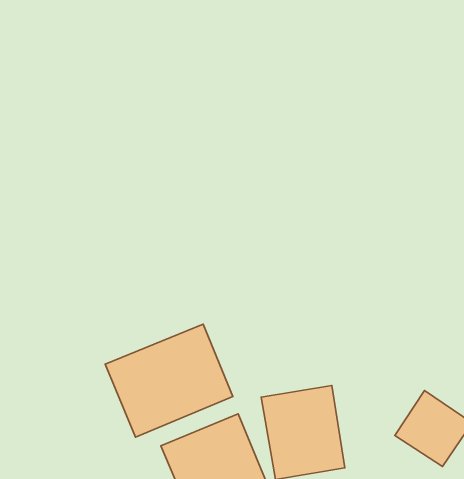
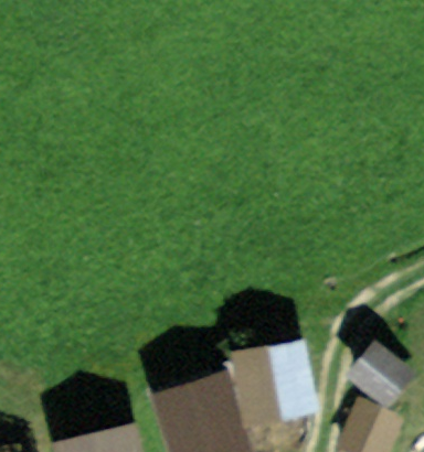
building: [105,324,233,437] -> none

